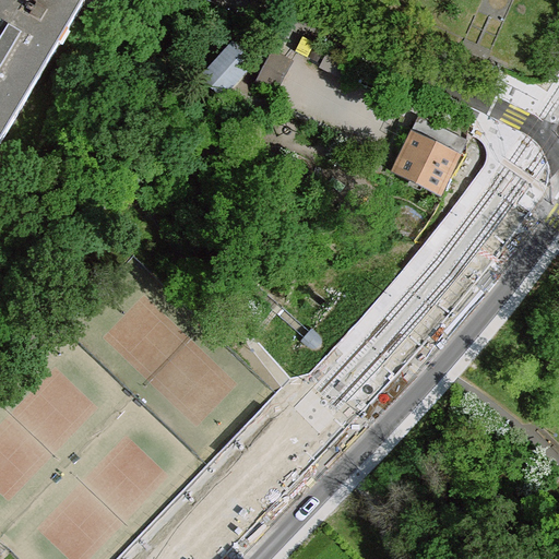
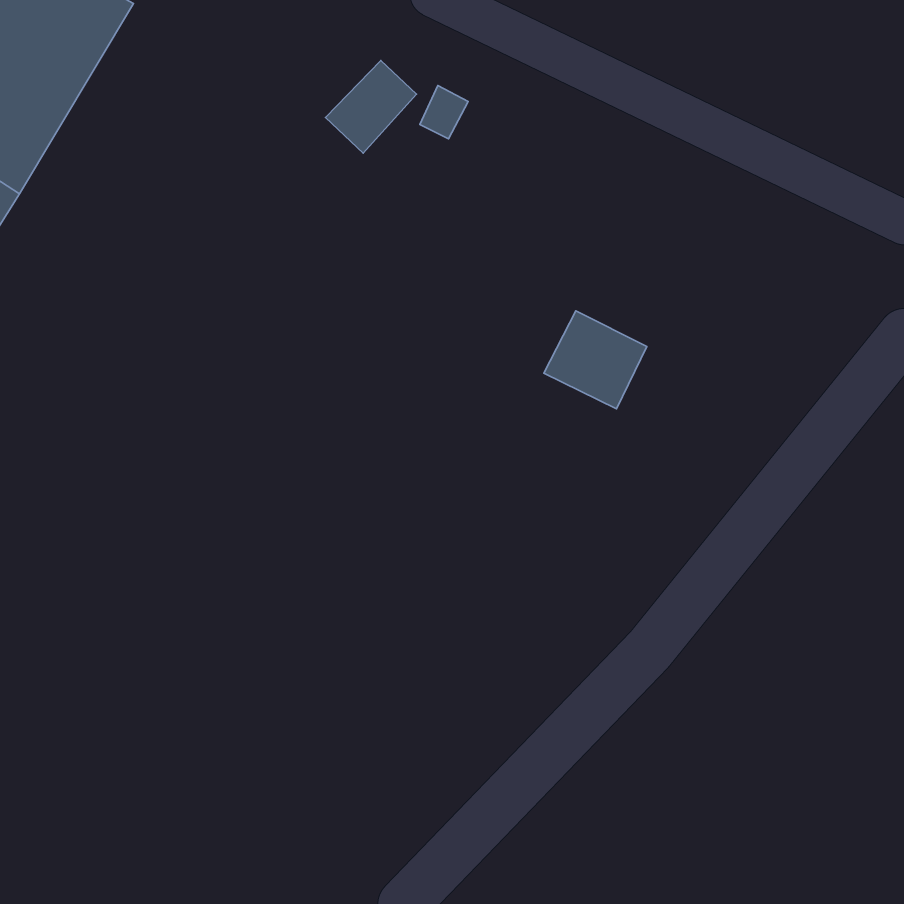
building: [392,132,455,192] -> [544,311,647,409]

